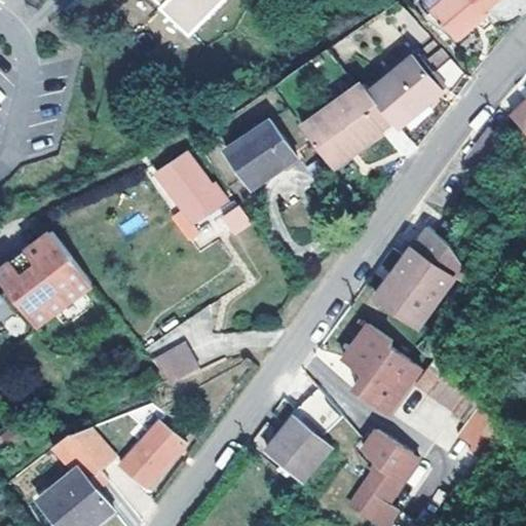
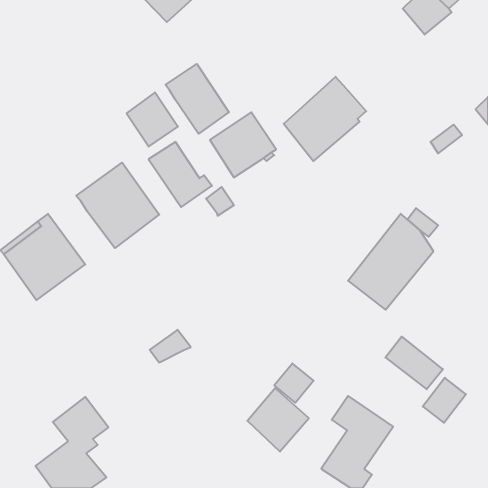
building: [368,55,462,126] -> none
building: none -> [166,64,229,134]
building: none -> [127,92,178,147]
building: none -> [76,163,159,248]
building: [340,328,417,418] -> none
building: [118,423,186,490] -> none

